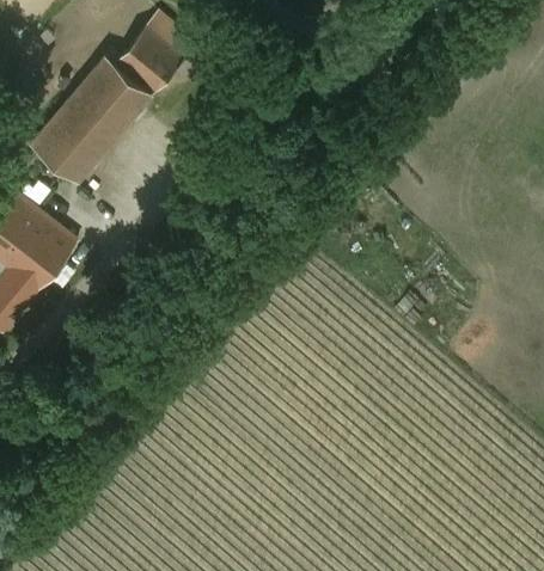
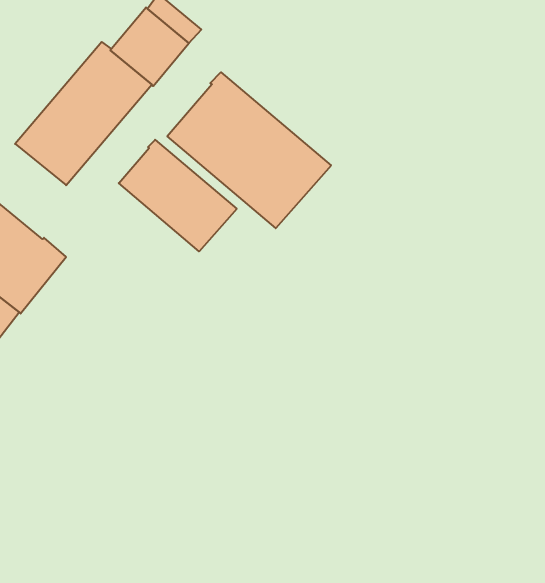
building: none -> [167,72,331,228]
building: none -> [119,140,237,251]

